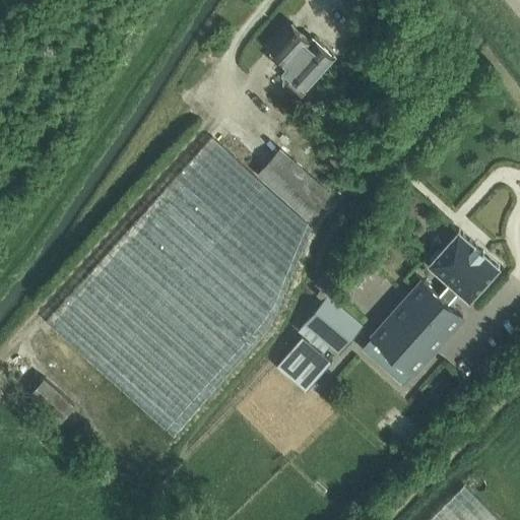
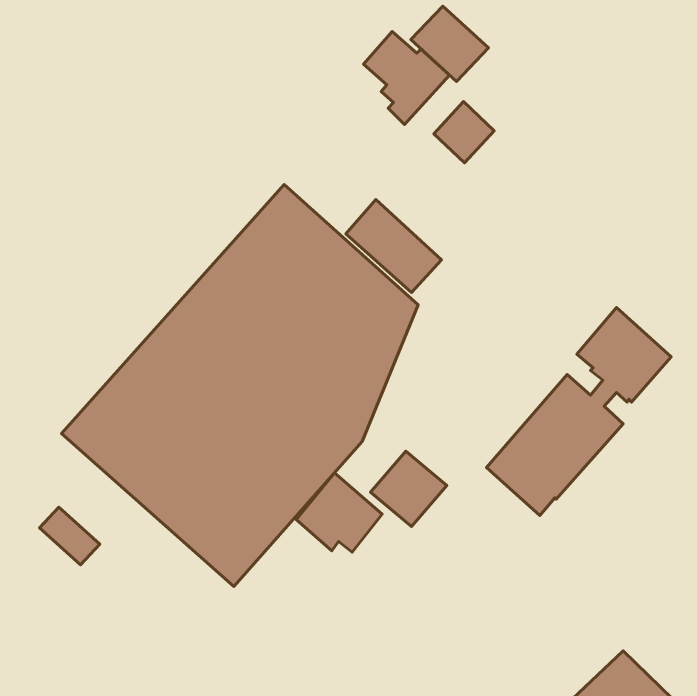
building: none -> [411,6,489,81]
building: none -> [434,101,494,163]
building: [298,297,362,355] -> [296,473,382,552]

